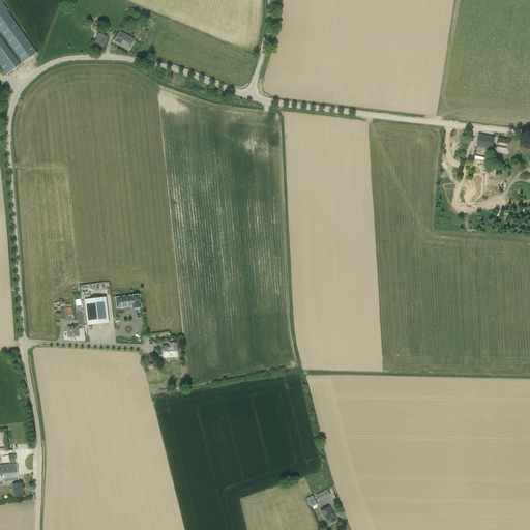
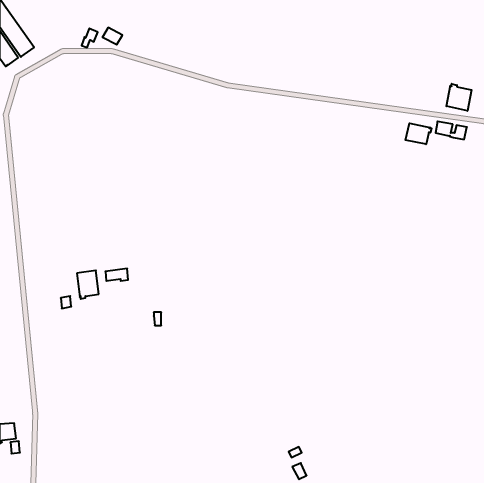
building: none -> [446,84,472,111]
building: none -> [405,123,432,144]

